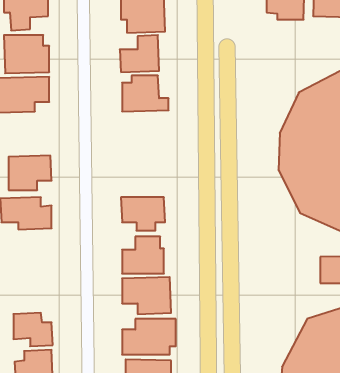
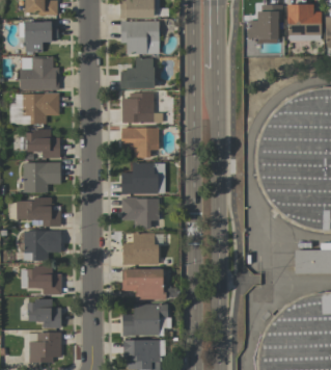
building: none -> [121,128,160,158]
building: none -> [26,130,60,158]
building: none -> [121,163,165,194]
building: none -> [24,231,61,261]
building: none -> [21,267,61,294]

